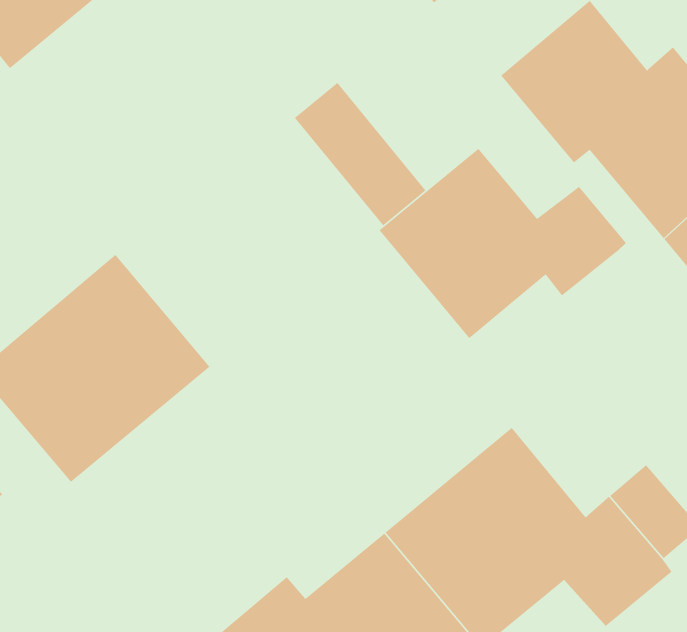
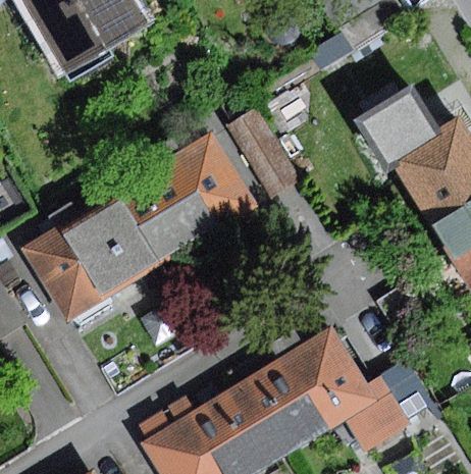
building: none -> [112,133,256,266]
building: [379,148,627,339] -> none

